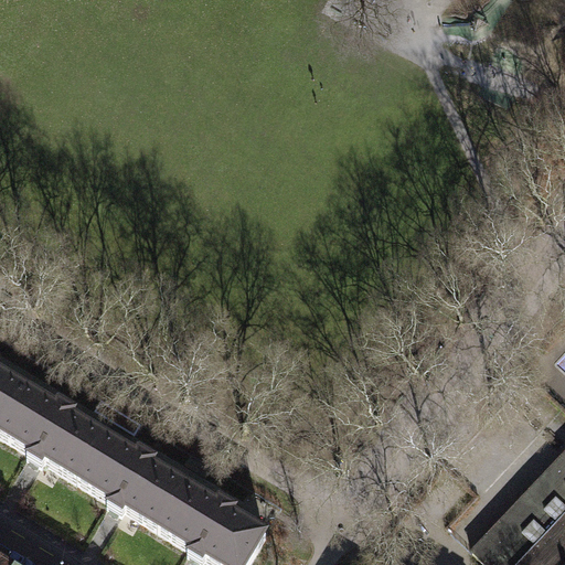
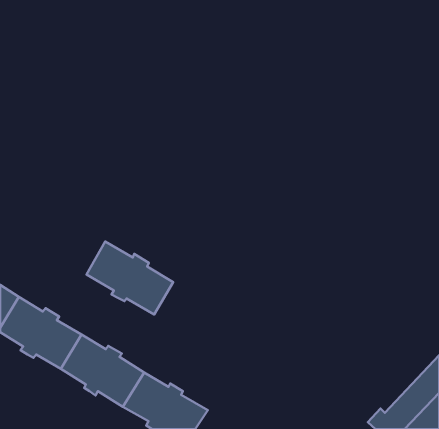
building: none -> [86,242,173,314]

